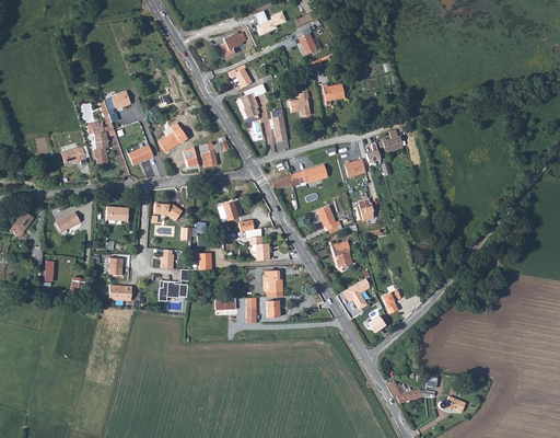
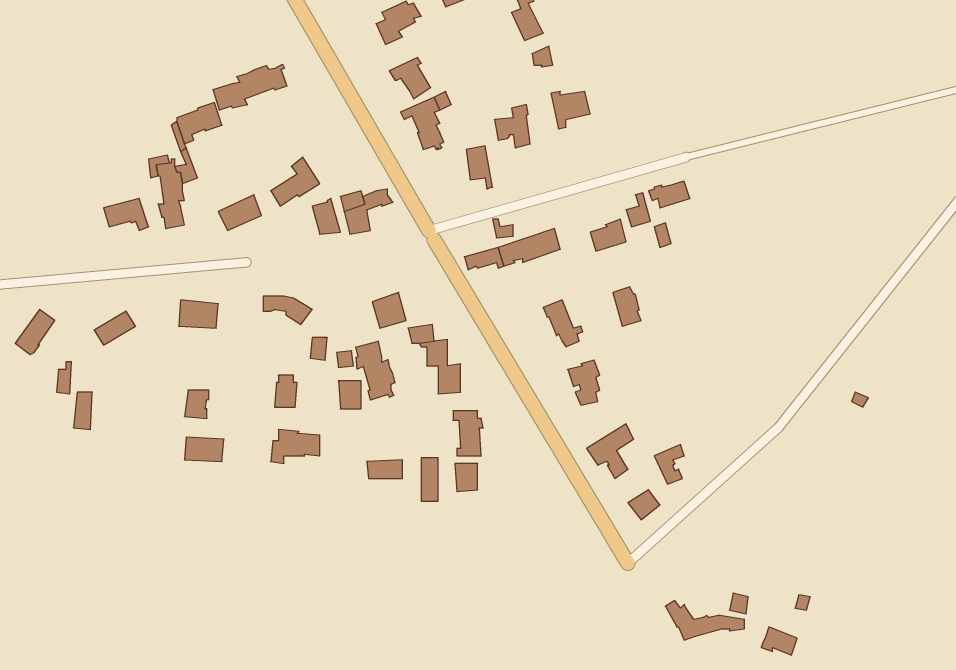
building: none -> [213,64,287,110]
building: none -> [356,341,395,400]

